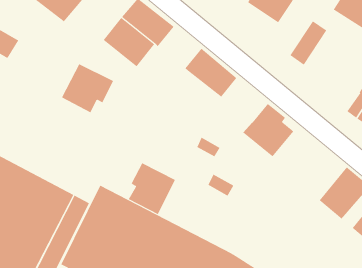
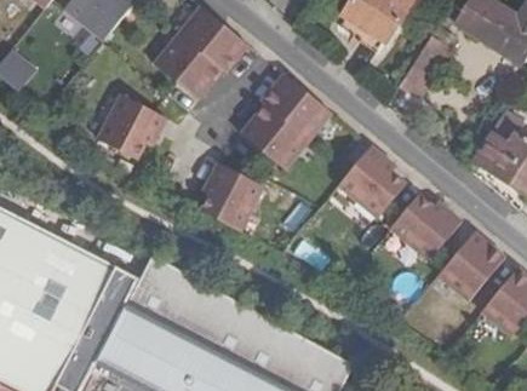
building: none -> [240,104,309,169]
building: none -> [389,195,462,261]
building: [128,163,176,215] -> [199,161,262,230]

